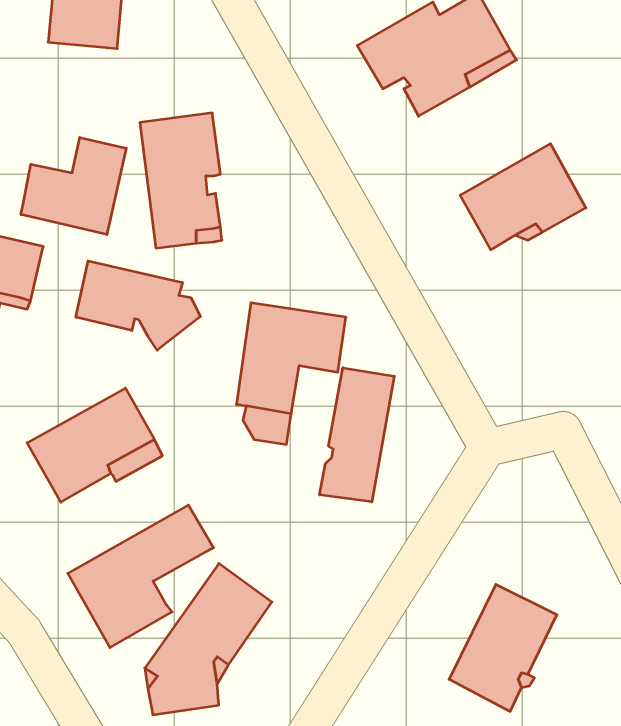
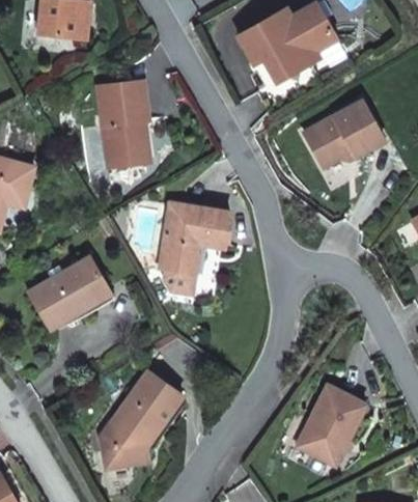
building: [21,137,126,235] -> none
building: [76,261,200,350] -> none
building: [320,368,394,502] -> none
building: [68,505,214,648] -> none

